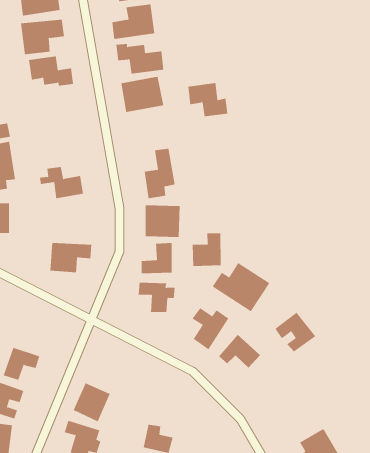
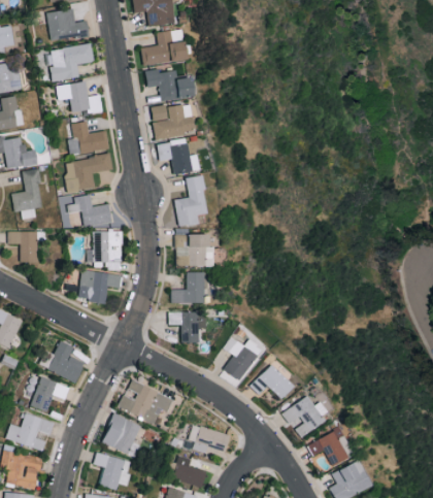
building: [188,82,228,117] -> [157,138,198,173]
building: none -> [68,121,109,155]
building: none -> [65,155,112,192]
building: none -> [93,231,122,270]
building: [192,232,221,267] -> none
building: [212,262,270,312] -> none
building: none -> [39,341,85,381]
building: [274,312,316,352] -> [281,396,324,437]
building: none -> [118,379,173,424]
building: none -> [189,424,231,455]
building: none -> [307,429,347,467]

